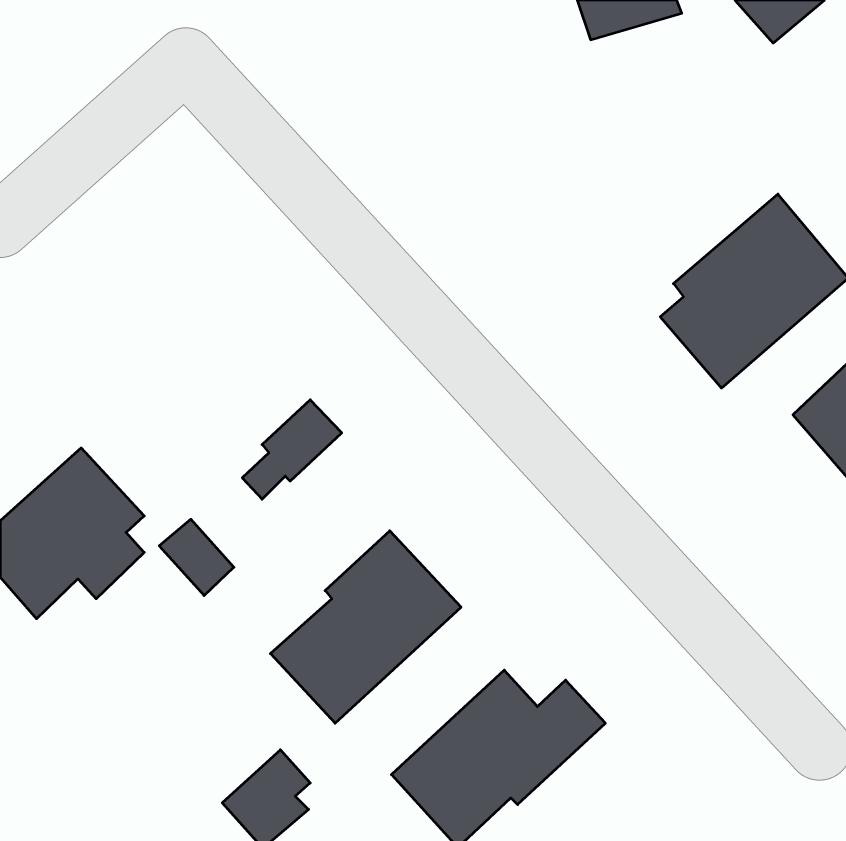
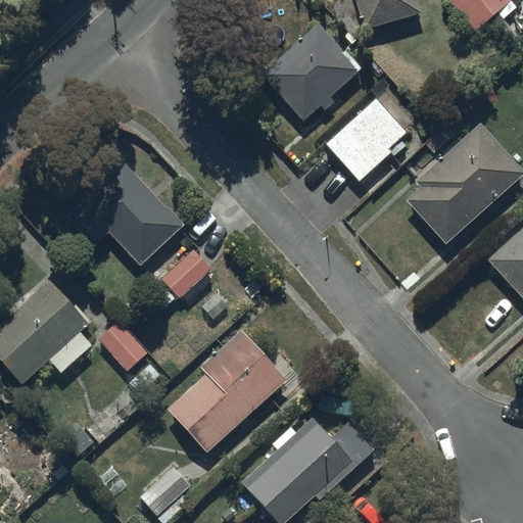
building: none -> [265,25,361,120]
building: none -> [326,98,408,181]
building: none -> [67,165,181,265]

